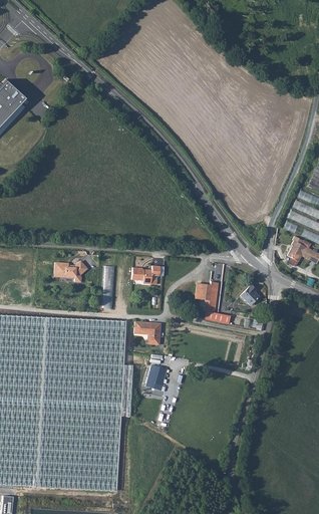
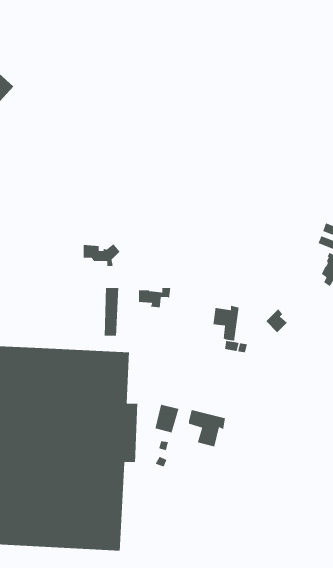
building: [54,261,86,281] -> [83,243,121,267]
building: [133,321,160,344] -> none
building: none -> [188,409,226,448]

